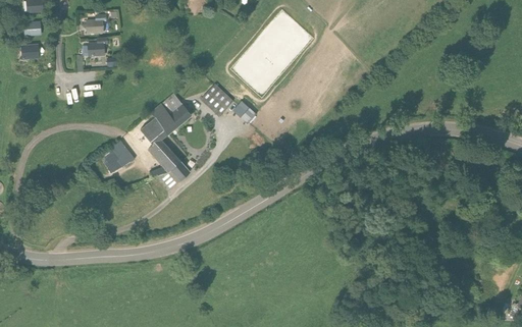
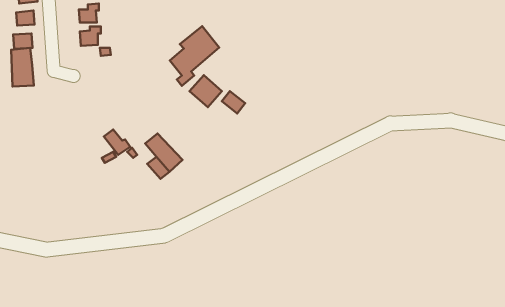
building: none -> [11,48,34,87]
building: [140,95,190,155] -> [170,26,219,86]

